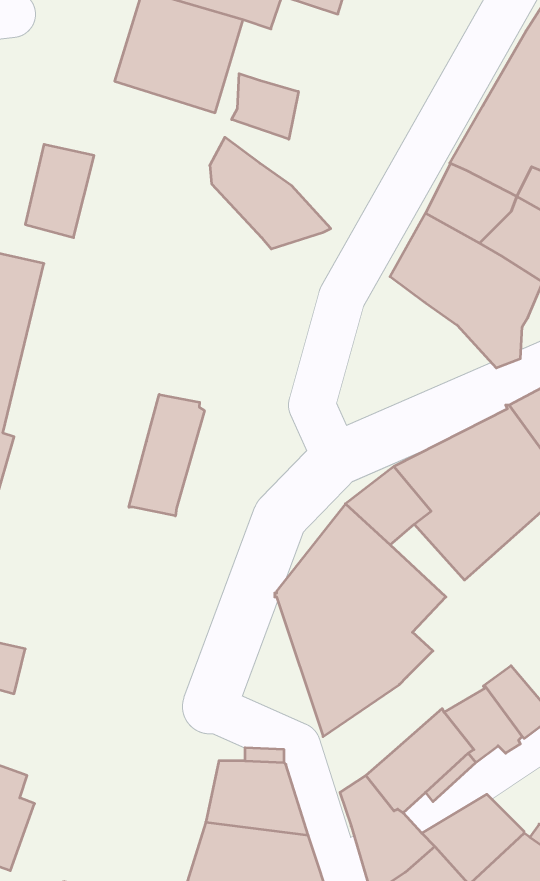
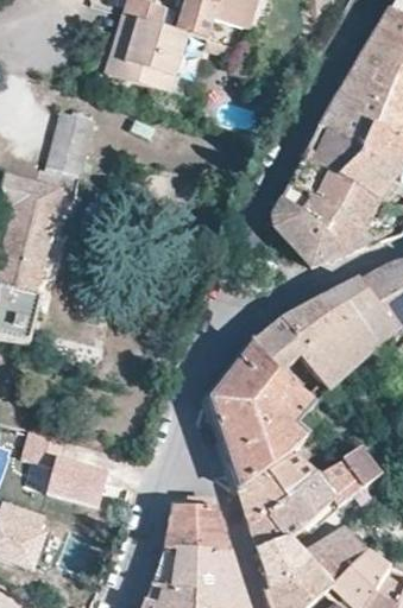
building: [232,74,298,139] -> none
building: [210,137,331,249] -> [272,197,350,268]
building: [129,394,204,516] -> none
building: none -> [239,452,315,526]
building: none -> [46,456,108,507]

